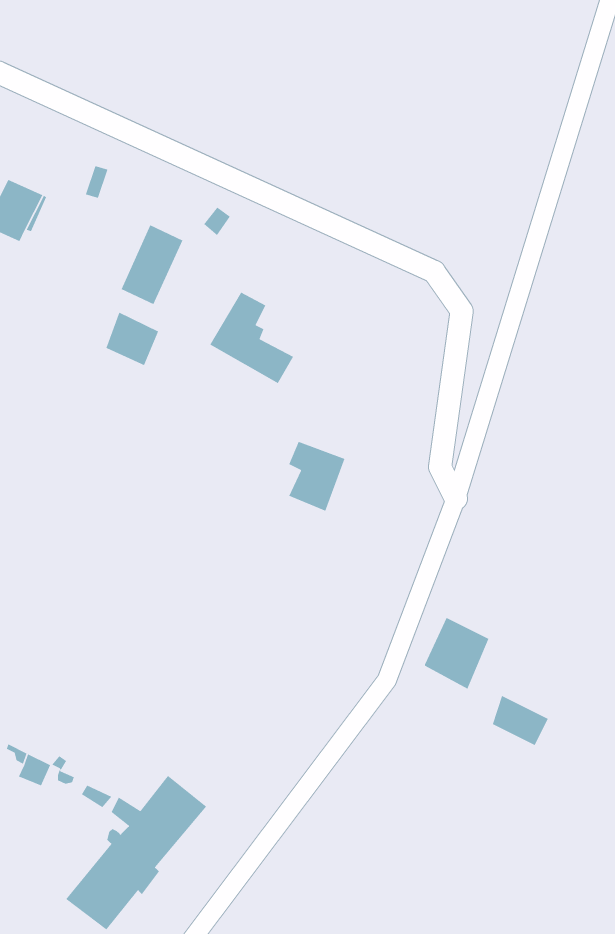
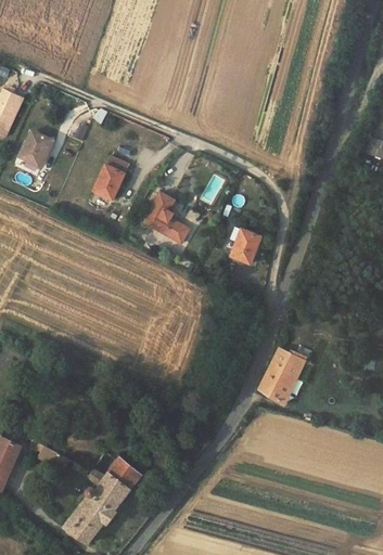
building: [105,311,159,366] -> none
building: [288,441,345,512] -> [229,225,260,264]
building: [492,695,549,746] -> [272,354,304,383]

